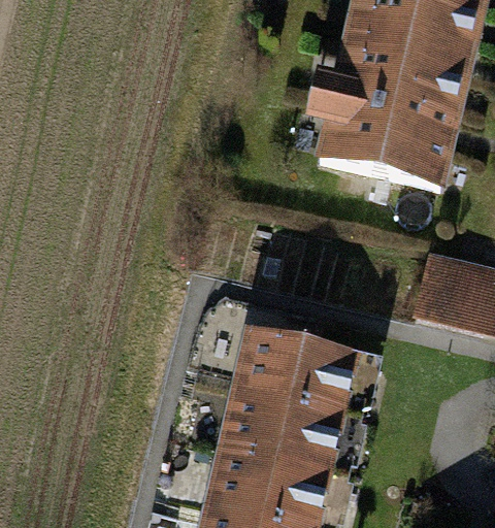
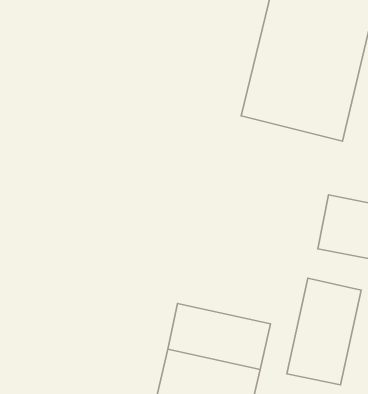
building: [232,331,363,415] -> none
building: none -> [287,278,361,385]

